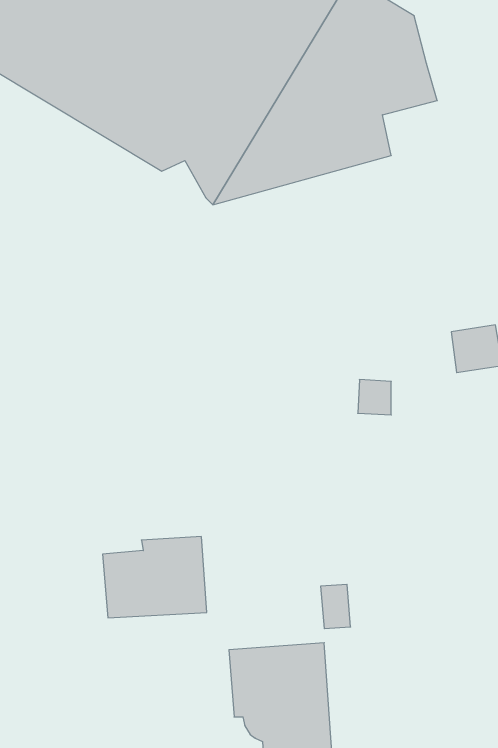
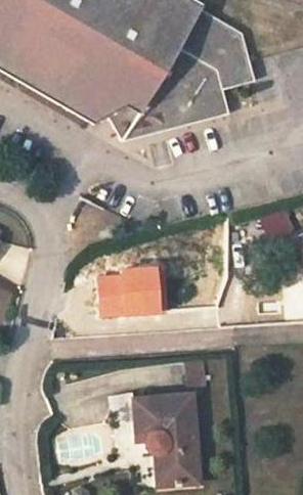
building: [103,537,207,618] -> [99,268,160,315]

